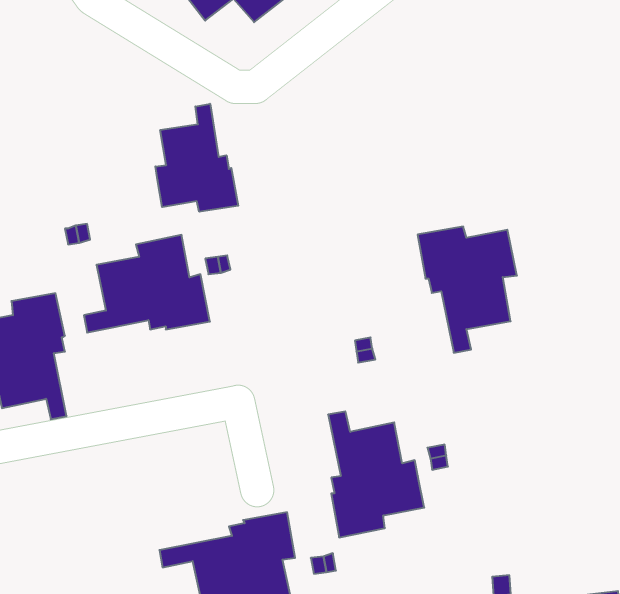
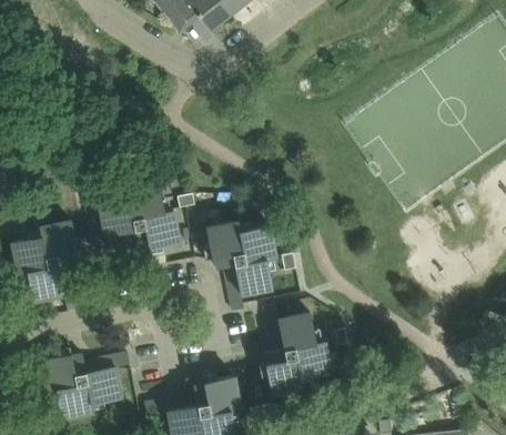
building: [155,104,238,212] -> none
building: [418,227,517,353] -> [206,222,276,311]
building: none -> [41,353,130,419]

